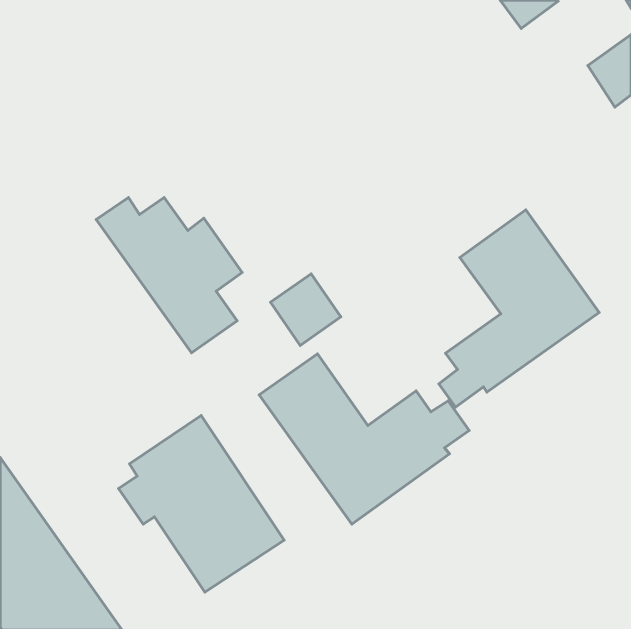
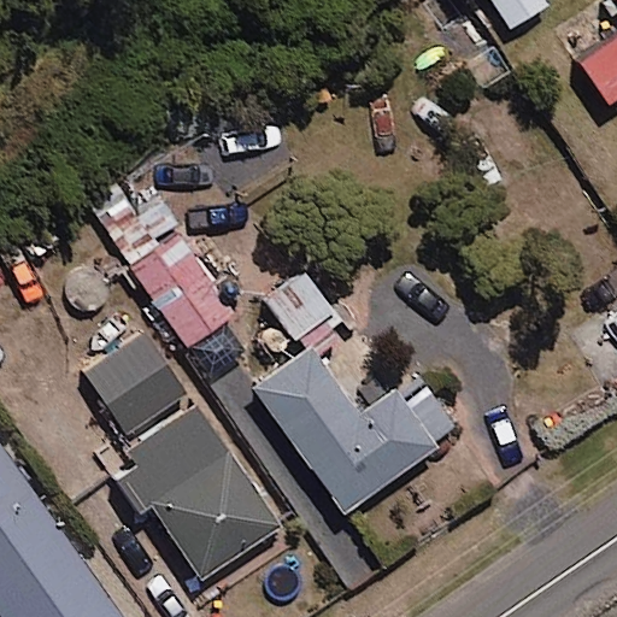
building: [439,210,599,407] -> none
building: none -> [84,333,186,435]

